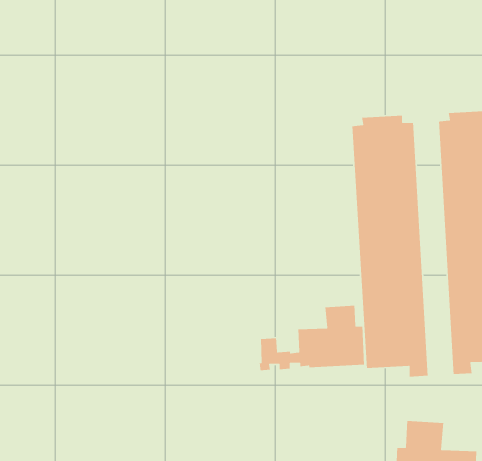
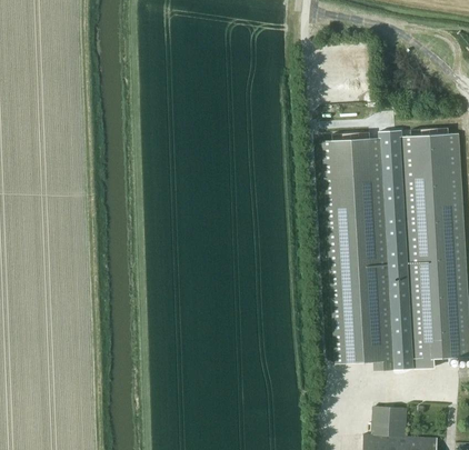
building: none -> [383,130,420,369]
building: [259,305,365,371] -> none

